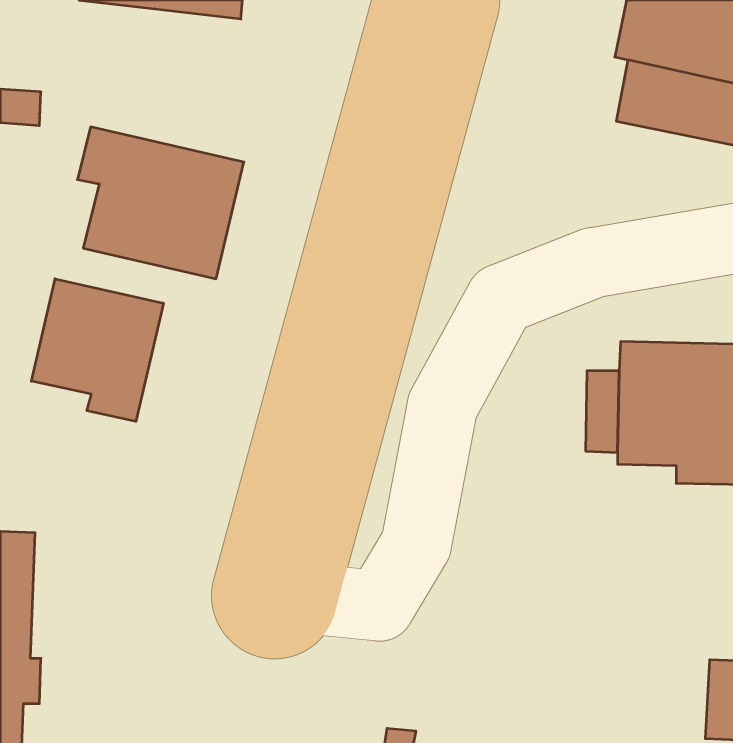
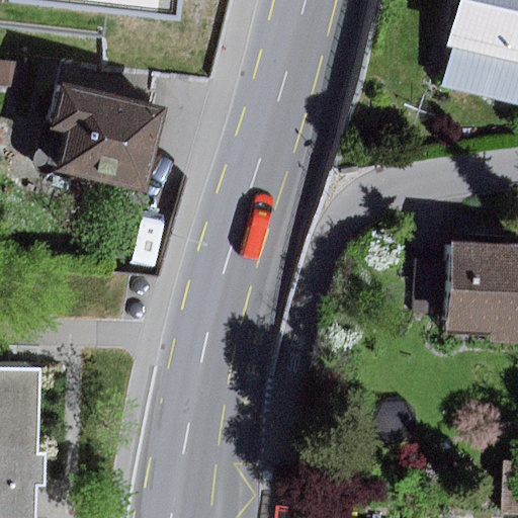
building: [31,279,163,421] -> none

